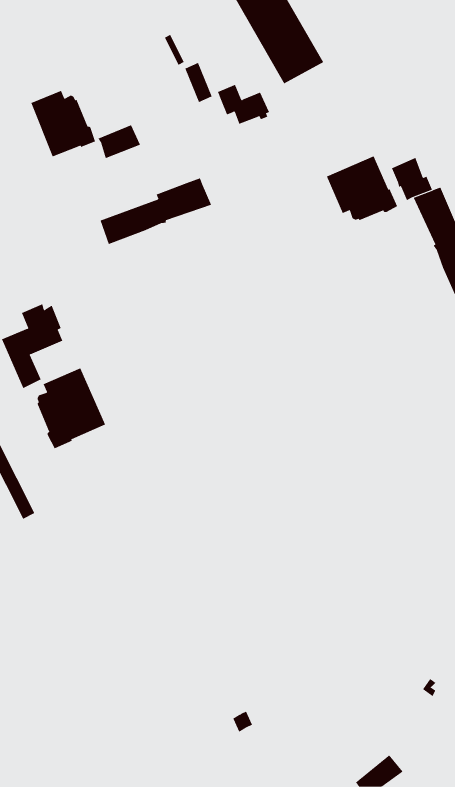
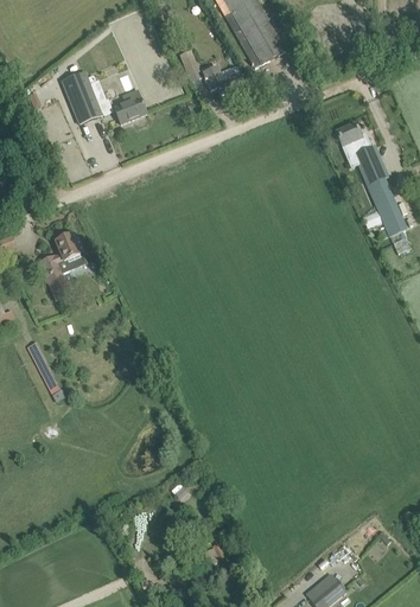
building: [326,155,398,221] -> none
building: [100,177,212,245] -> none
building: [37,367,106,449] -> none

